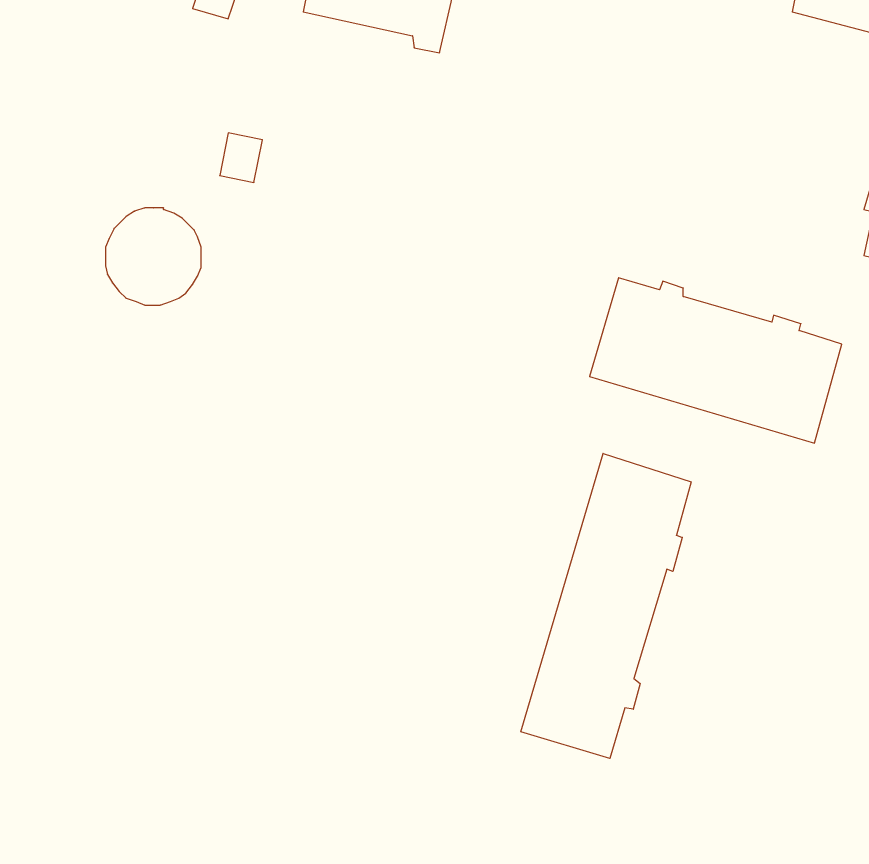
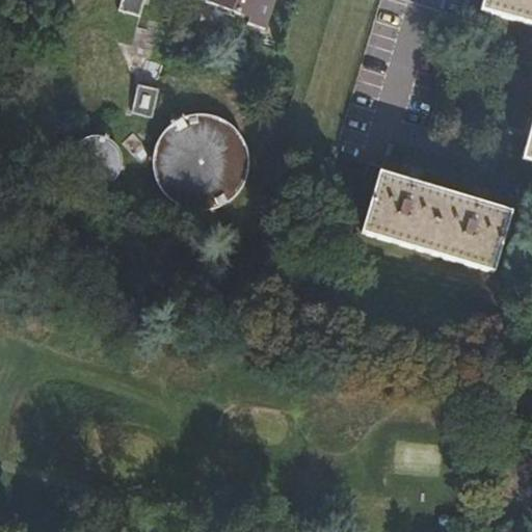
building: none -> [151,109,249,209]
building: [521,453,691,758] -> none

